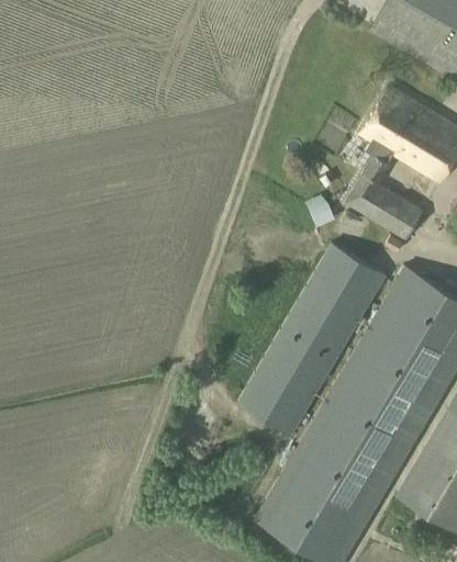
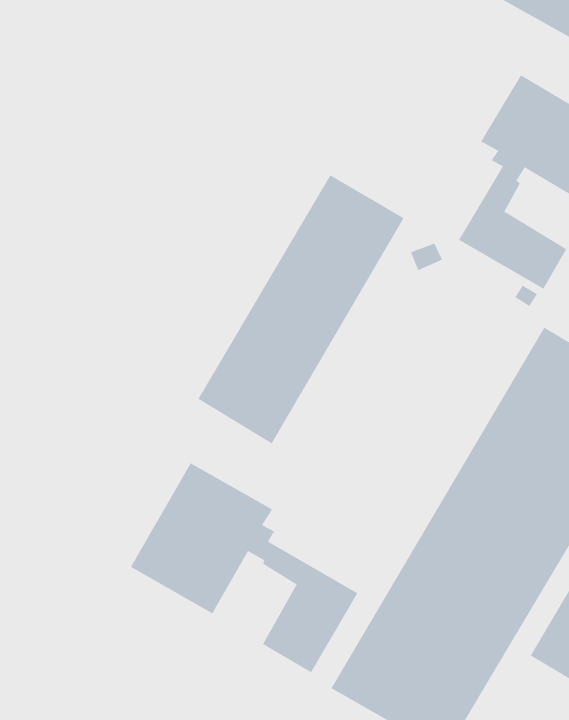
building: [238,245,384,435] -> [198,175,405,444]
building: none -> [130,462,358,673]

